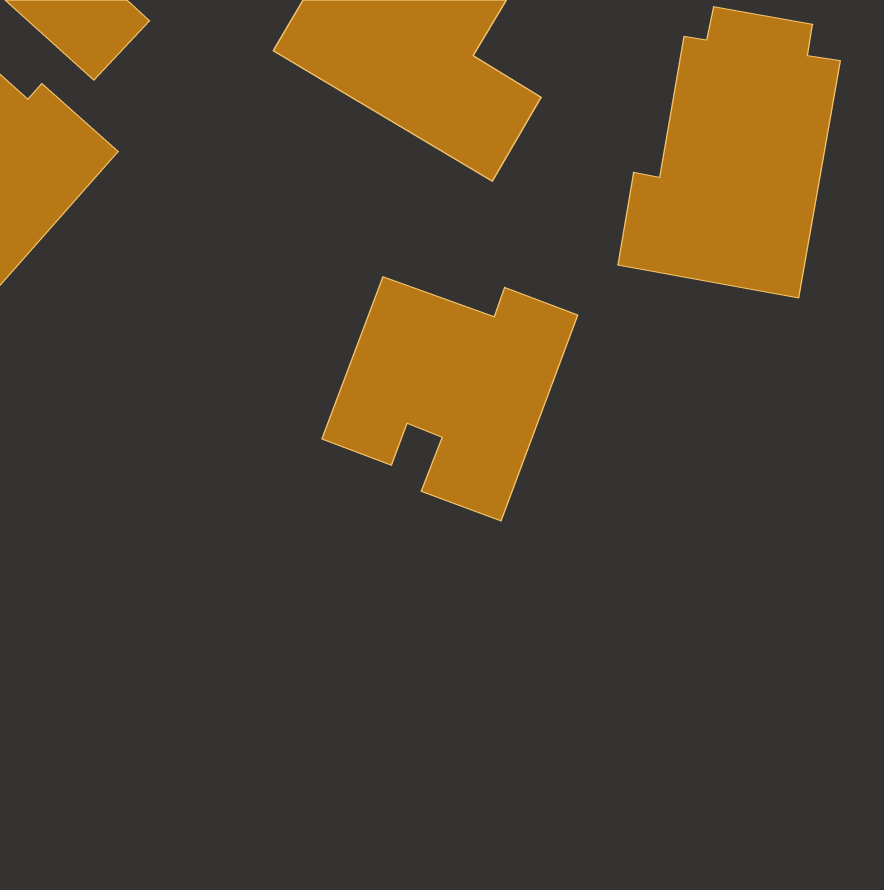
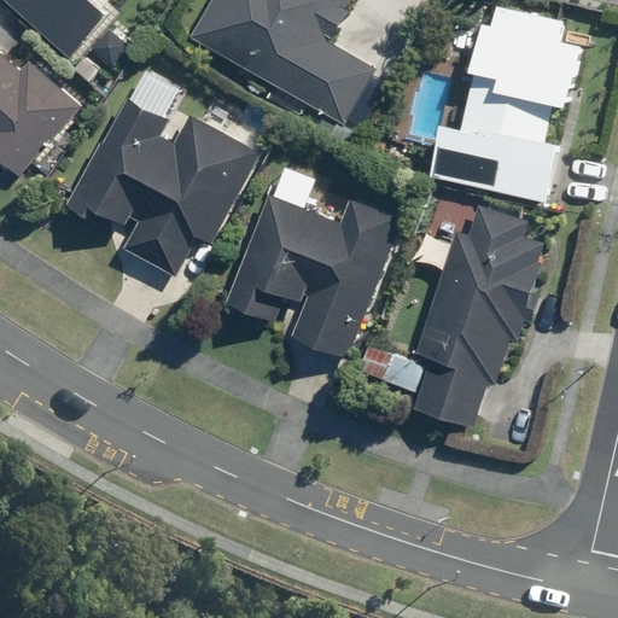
building: none -> [64,97,263,276]
building: none -> [358,203,550,428]

